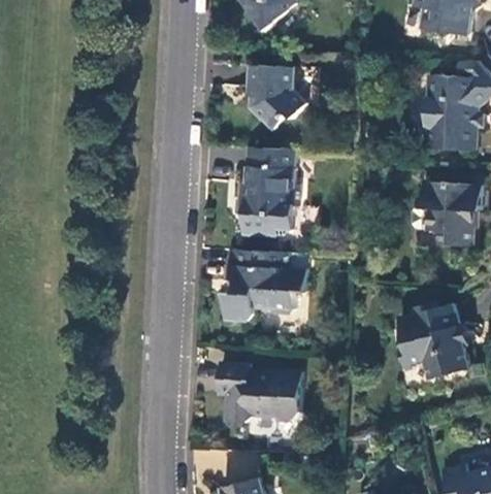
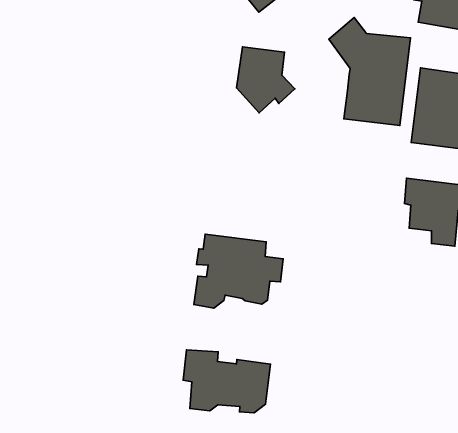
building: none -> [329,17,410,126]
building: [237,146,298,236] -> none
building: [397,302,469,377] -> none

